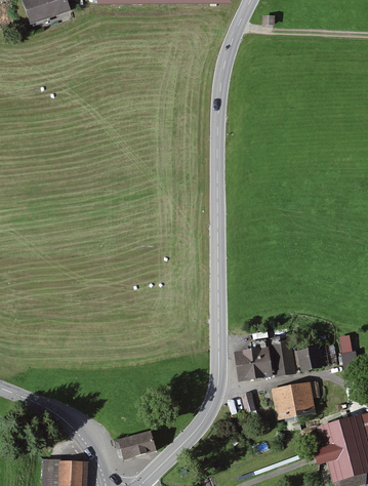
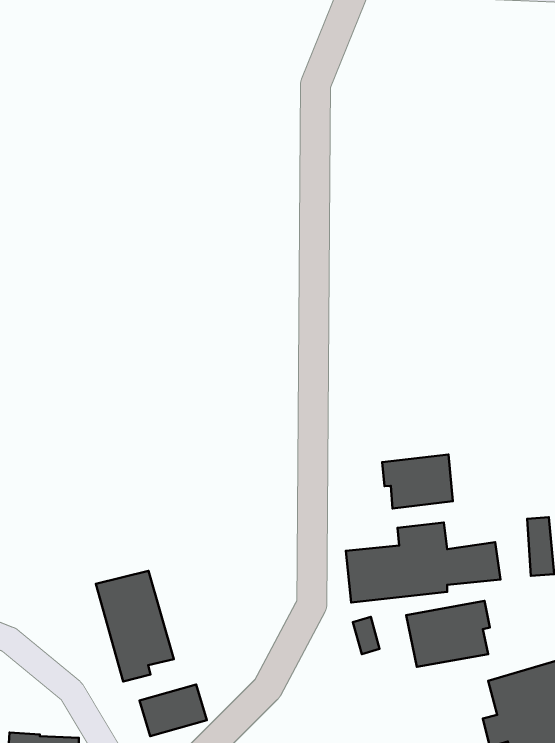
building: none -> [382,454,453,508]
building: none -> [96,571,174,681]

